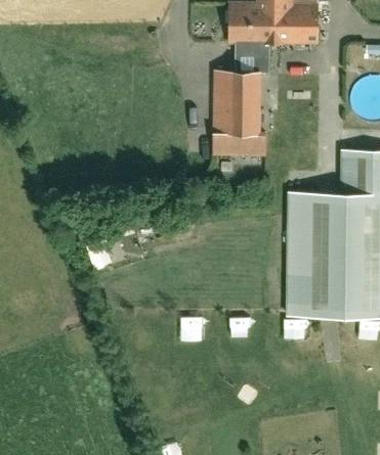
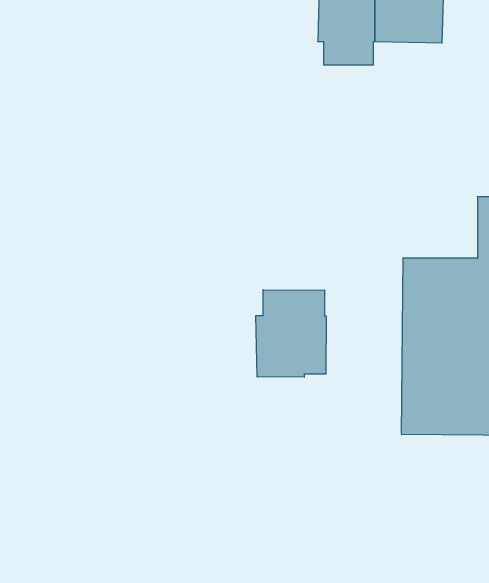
building: [212,70,265,155] -> none
building: none -> [256,290,326,377]

